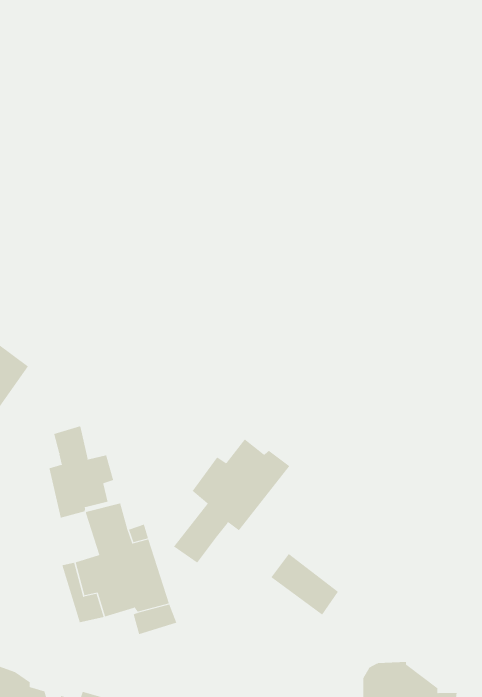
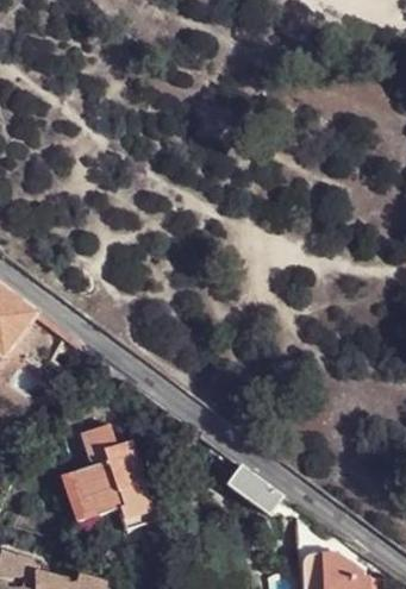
building: [49,426,114,519] -> none
building: [173,439,290,563] -> none

